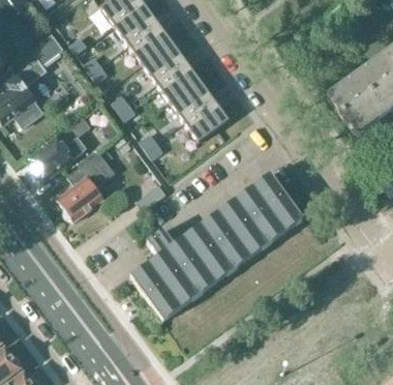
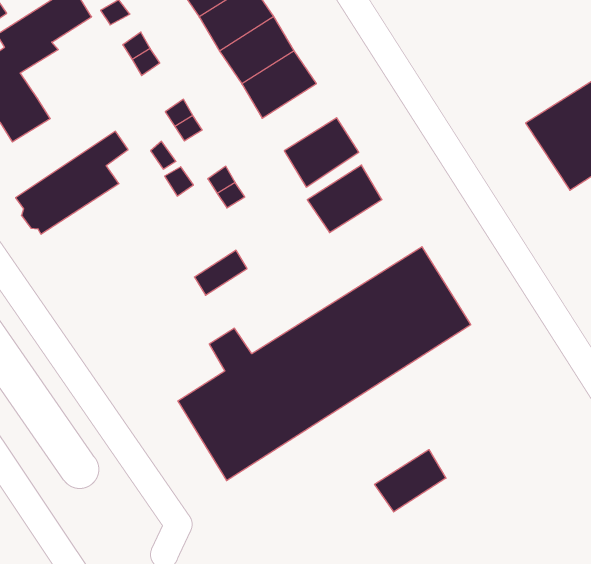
building: [170,80,214,121] -> [307,165,382,233]
building: [57,145,115,220] -> none
building: none -> [375,450,446,512]

